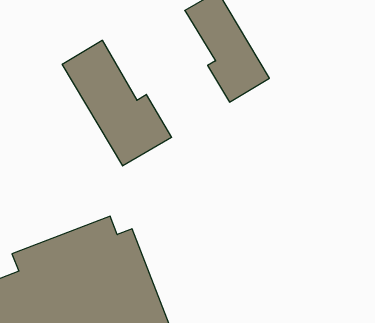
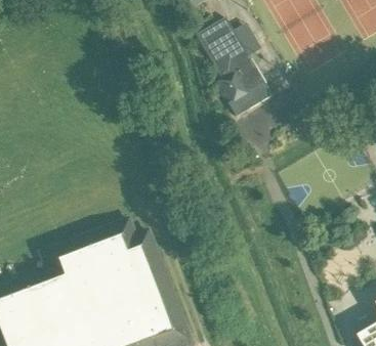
building: [62,40,172,166] -> none

